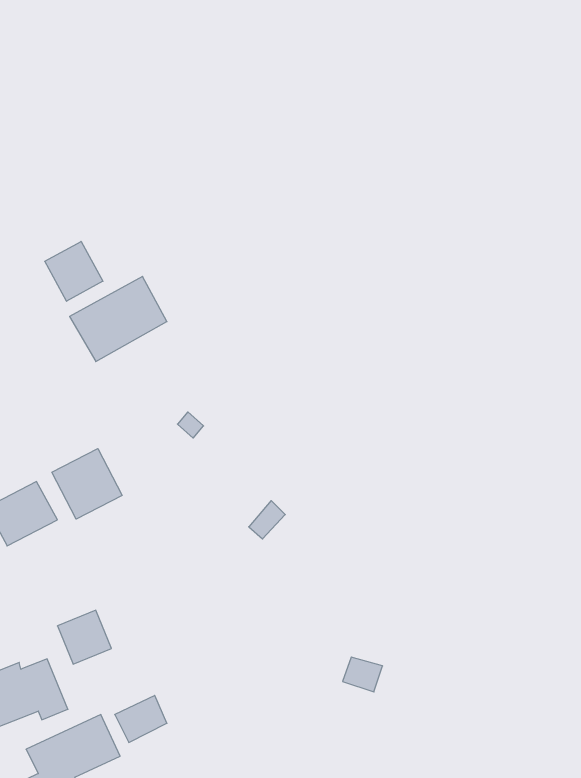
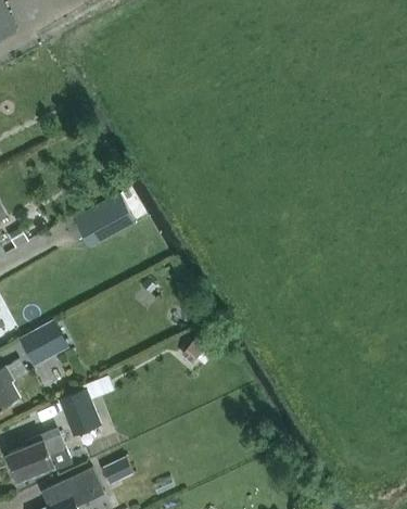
building: [45,241,103,301] -> none
building: [52,449,122,519] -> none

